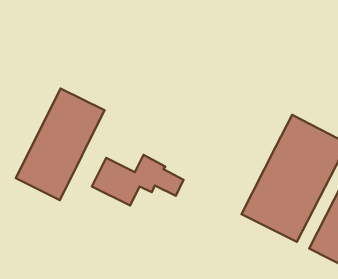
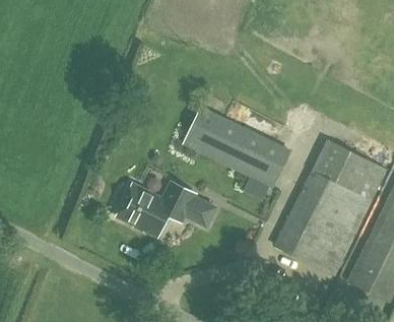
building: none -> [183,105,289,187]
building: [16,88,105,200] -> none

